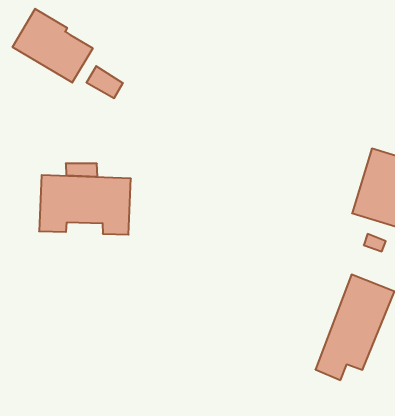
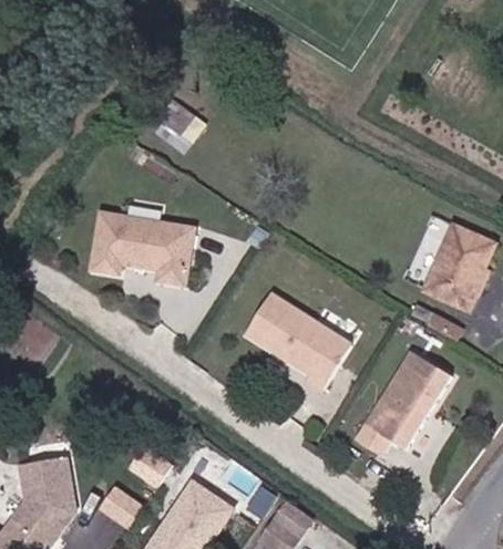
building: [13,9,93,83] -> none
building: none -> [246,293,352,392]

